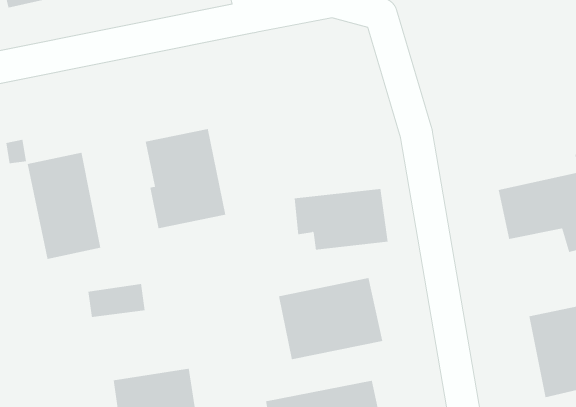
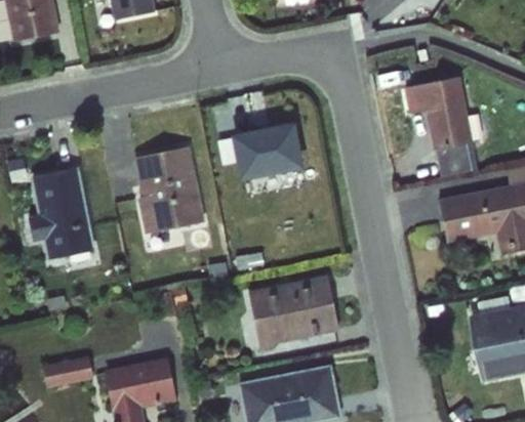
building: none -> [404,77,479,178]
building: [294,189,388,250] -> [221,123,304,176]
building: [88,283,145,318] -> [45,354,95,384]

